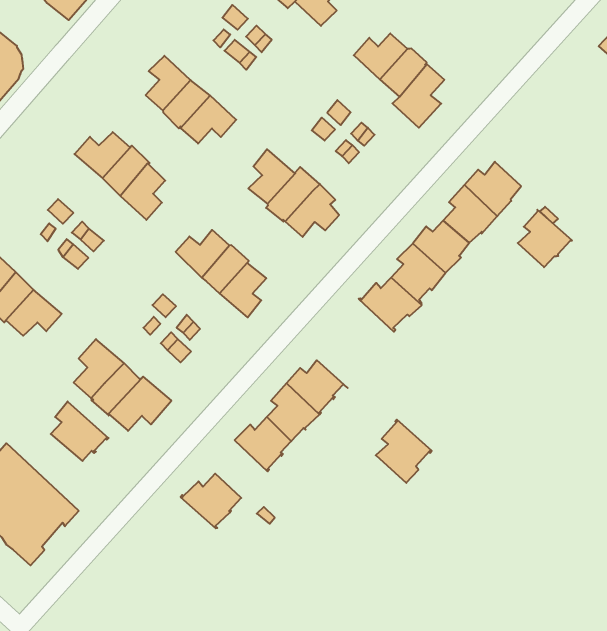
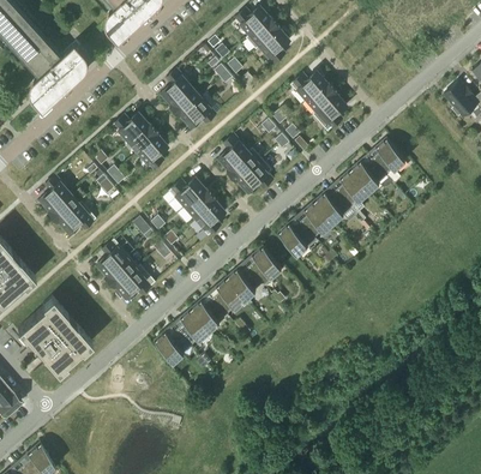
building: [518,210,572,267] -> [372,139,405,175]
building: [51,401,109,461] -> none
building: [376,420,432,483] -> [248,247,283,287]
building: none -> [178,311,210,347]

